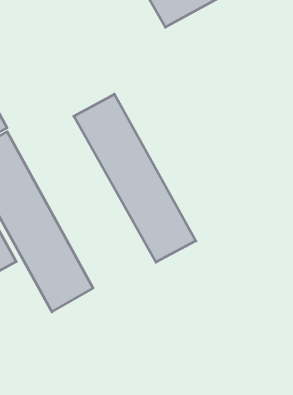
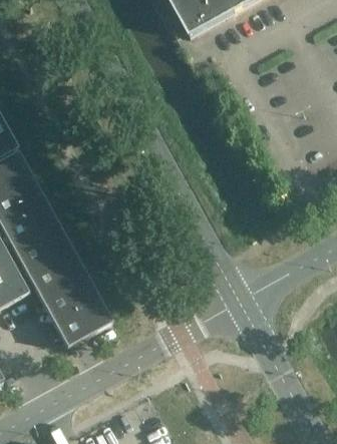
building: [74,94,196,262] -> none

